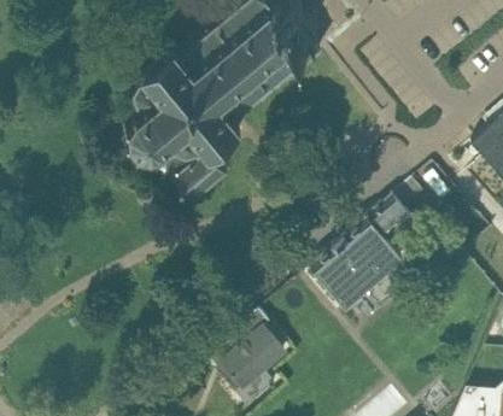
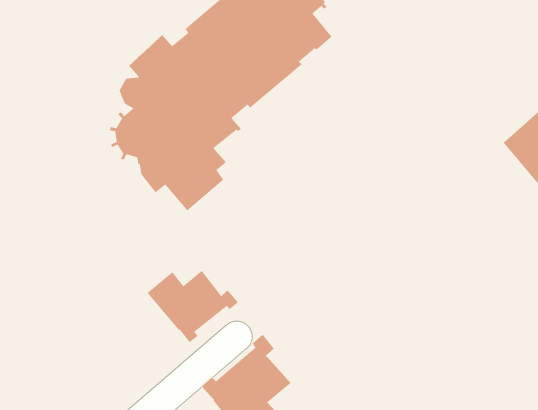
building: [310,177,423,305] -> none
building: none -> [146,270,239,343]

